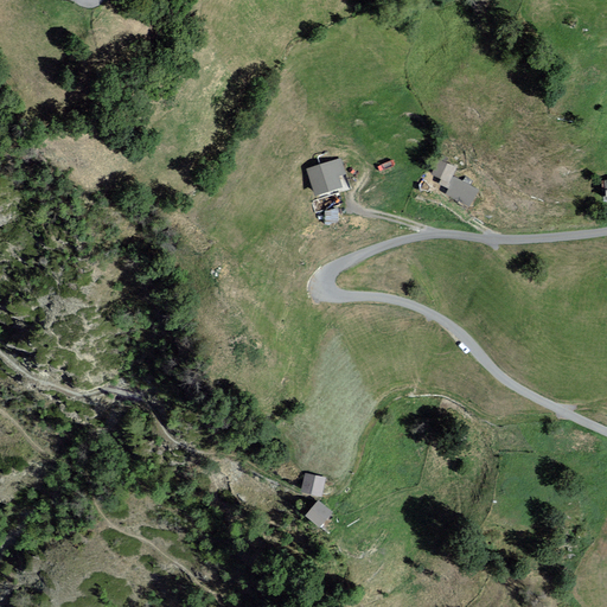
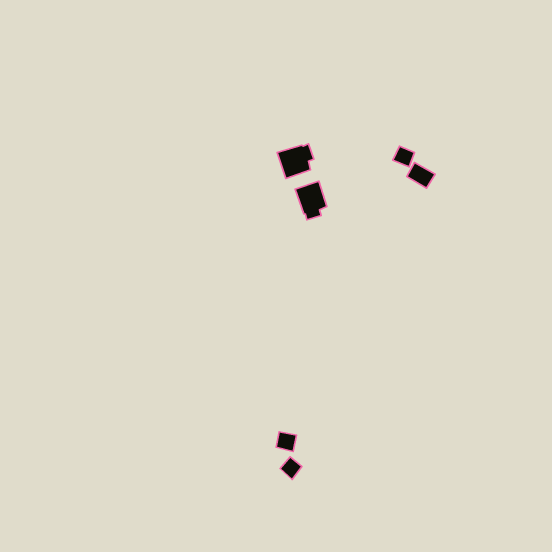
building: none -> [295,181,327,220]

